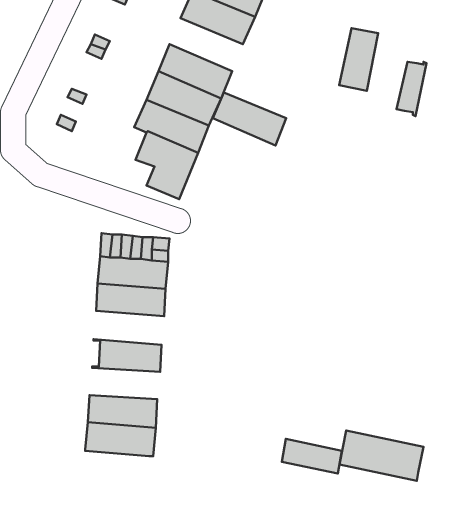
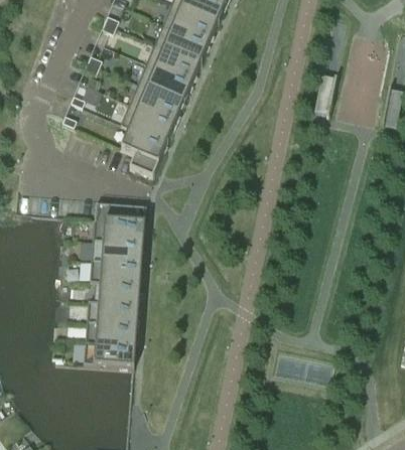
building: [339,28,378,91] -> none
building: [213,92,286,145] -> [145,42,199,82]
building: none -> [89,259,141,284]
building: none -> [86,301,138,324]
building: [282,439,342,474] -> none

